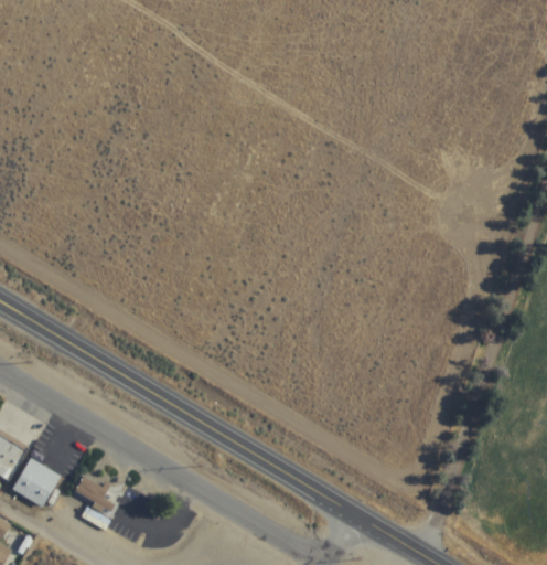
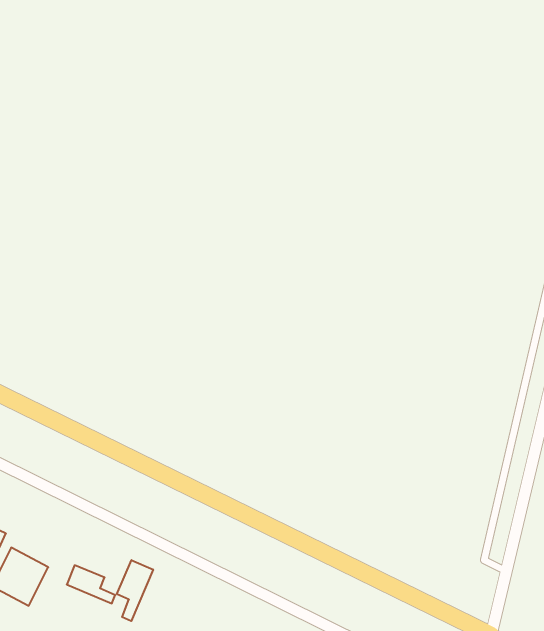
building: none -> [117,560,153,621]

